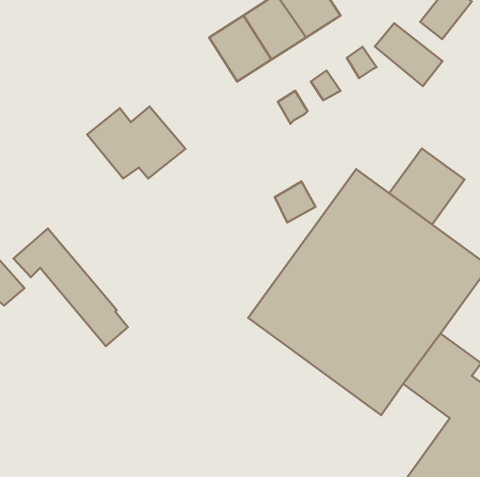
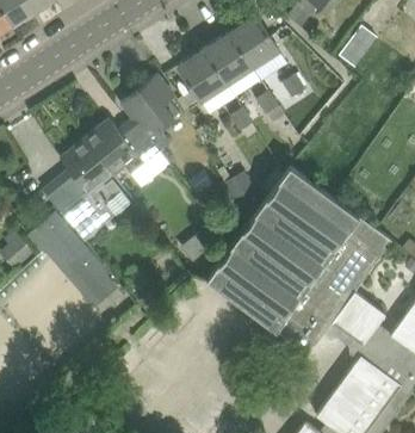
building: [375,23,442,86] -> none
building: none -> [120,74,180,150]
building: none -> [44,140,131,241]
building: [389,149,465,224] -> none

